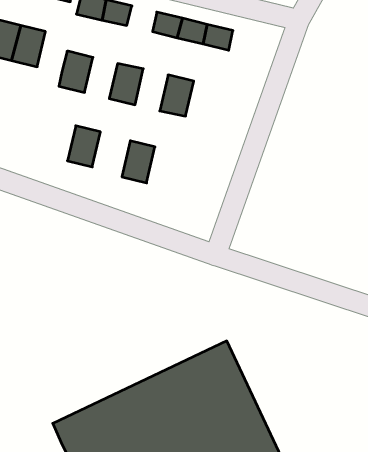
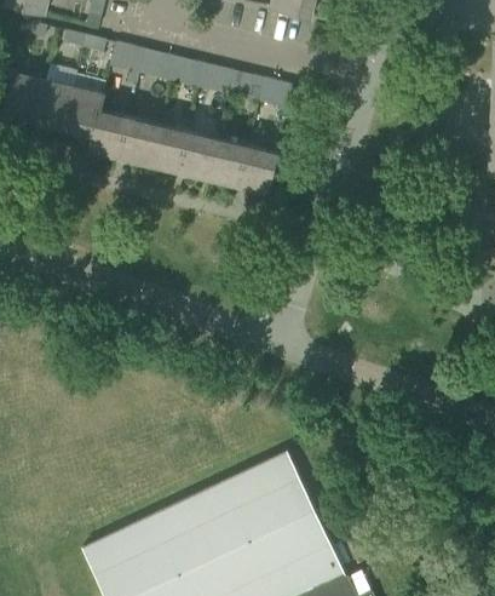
building: none -> [169,56,205,86]
building: none -> [64,86,104,133]
building: none -> [238,144,278,193]
building: [67,126,100,167] -> [120,116,159,165]
building: [122,141,155,183] -> [179,130,218,179]

